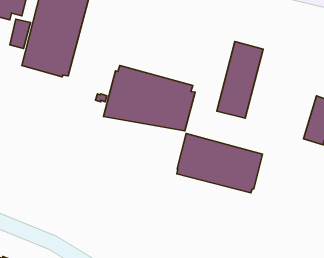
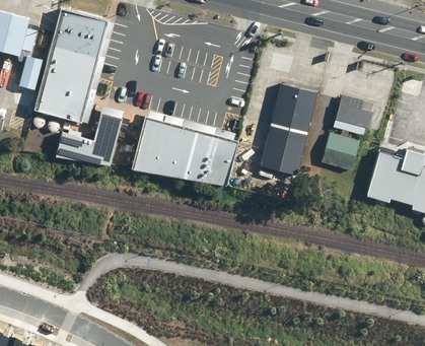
building: none -> [322,94,372,169]
building: none -> [53,106,122,166]
building: [177,134,262,193] -> none

